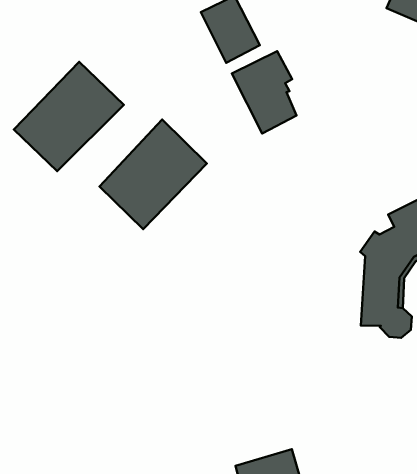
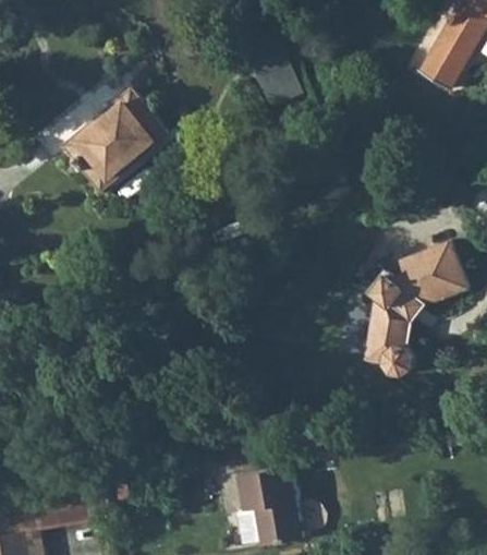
building: [232,51,297,134] -> none
building: [100,119,207,229] -> none

